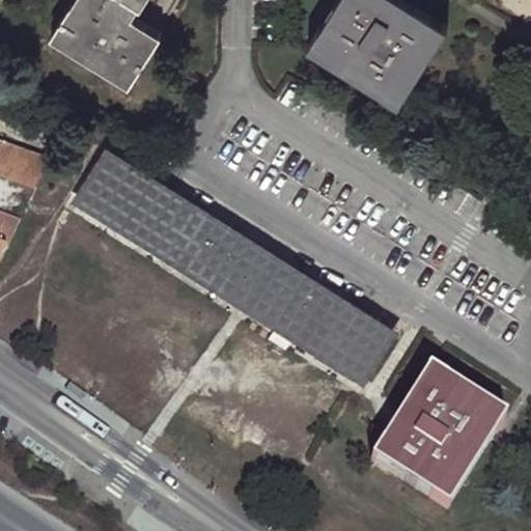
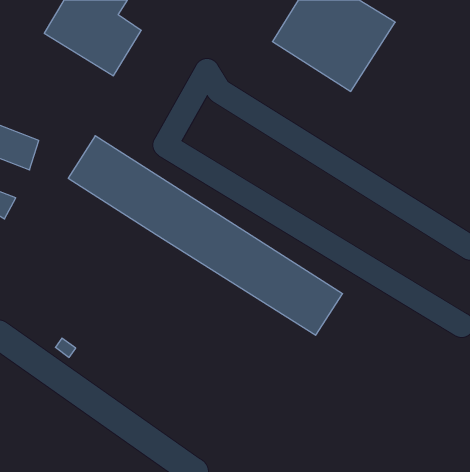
building: [368,371,505,512] -> none

